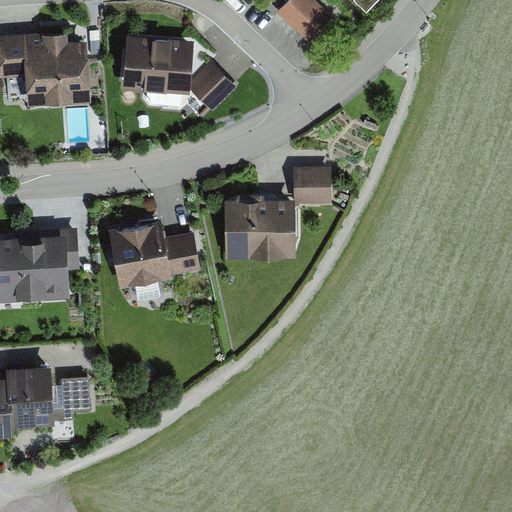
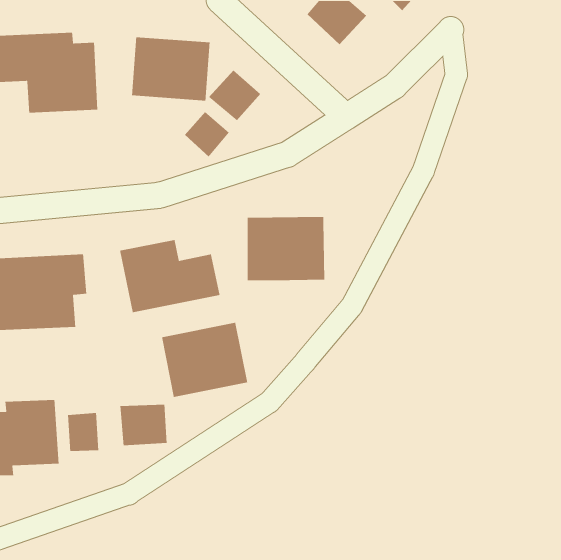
building: none -> [184,111,230,158]
building: [293,167,330,204] -> none
building: none -> [161,322,248,398]
building: none -> [119,404,168,446]

